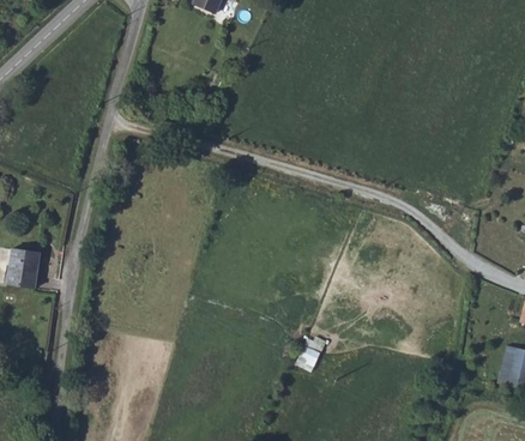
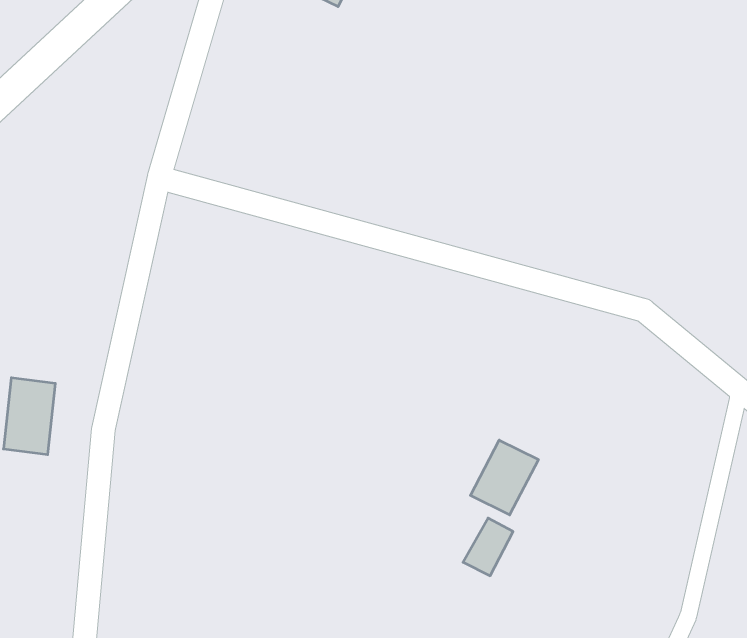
building: none -> [470,440,538,515]

